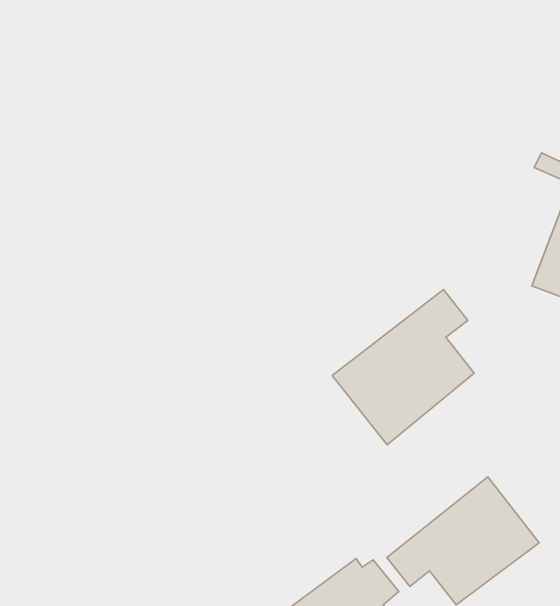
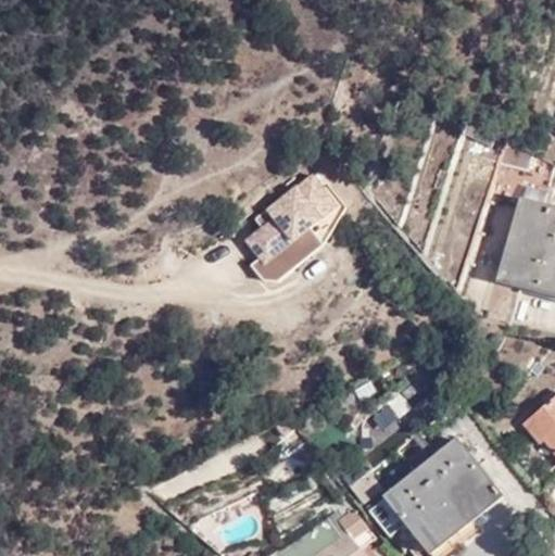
building: none -> [252,182,344,288]
building: [332,289,474,445] -> none

